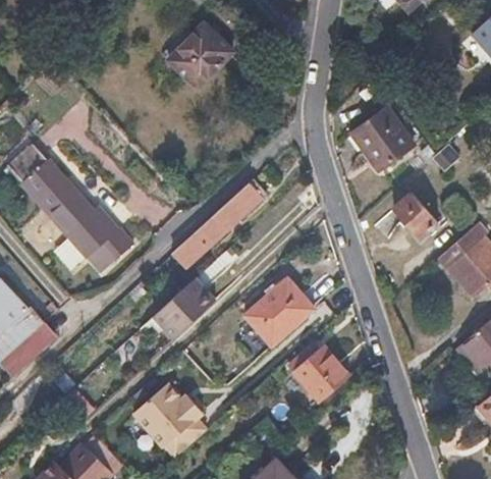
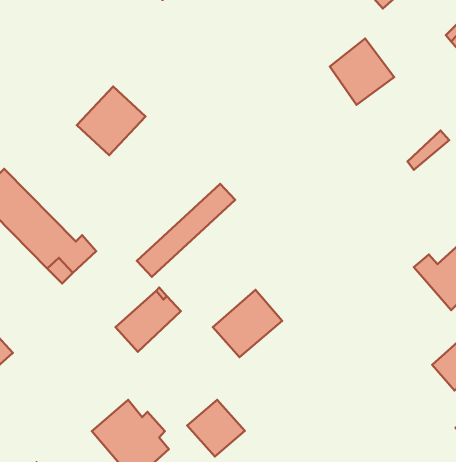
building: [168,21,233,87] -> [77,87,145,155]
building: [350,110,412,173] -> [330,39,394,105]
building: [394,191,439,237] -> none
building: [295,345,350,400] -> [187,400,245,456]

